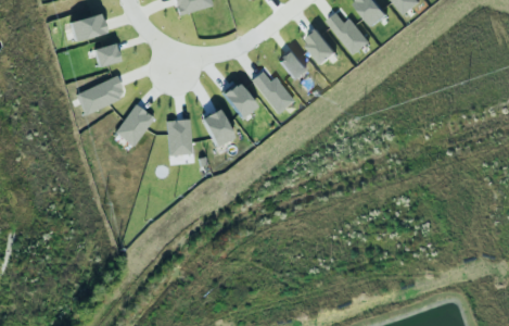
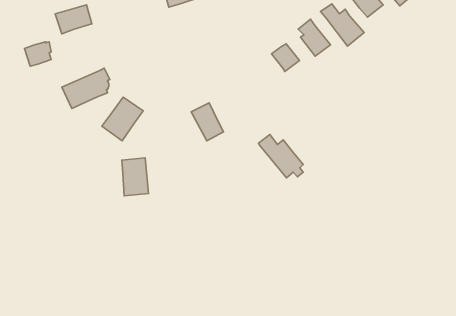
building: [93,43,119,67] -> [24,42,51,66]
building: [251,72,294,114] -> [259,134,303,178]
building: [221,85,256,118] -> none
building: [166,120,192,156] -> [122,158,149,196]

